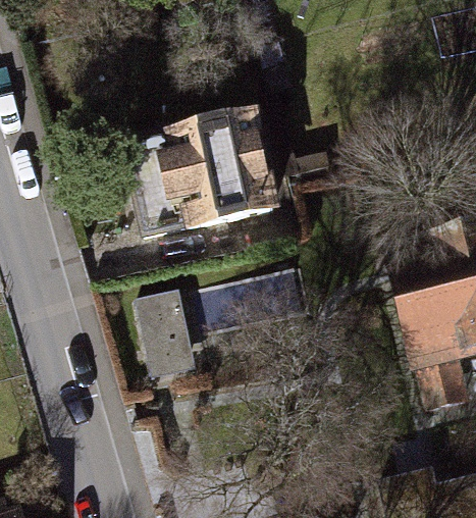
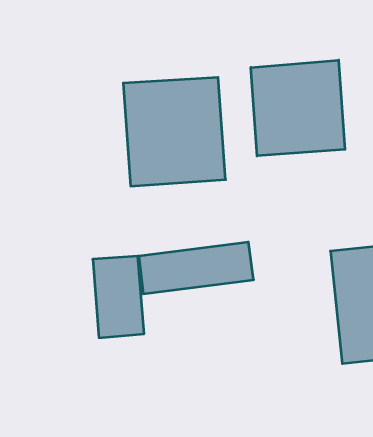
building: none -> [251,60,345,156]

